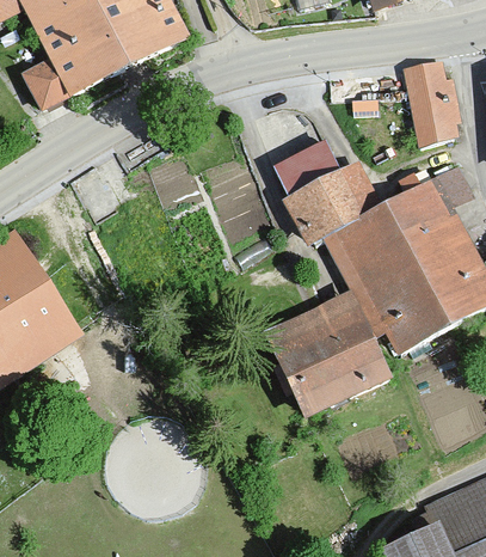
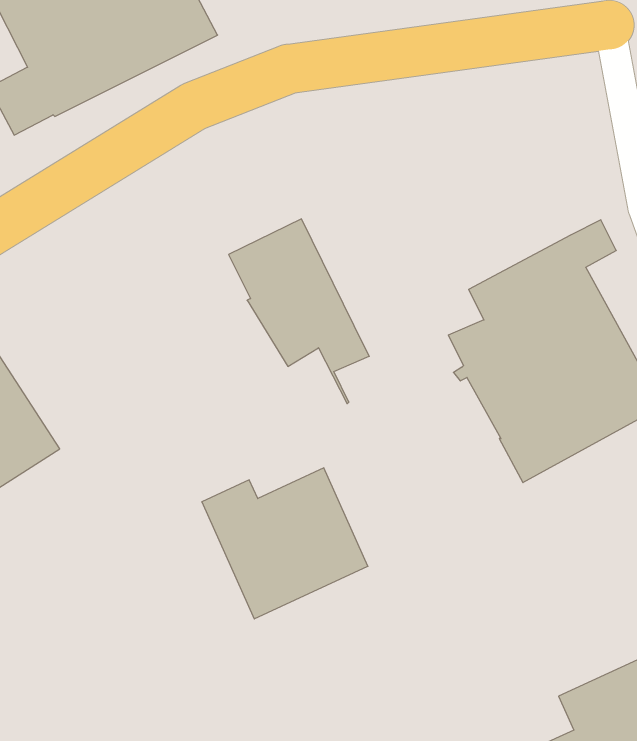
building: [405,63,460,147] -> none
building: [273,141,373,271] -> [229,219,369,404]
building: [271,307,388,414] -> [202,468,368,619]

